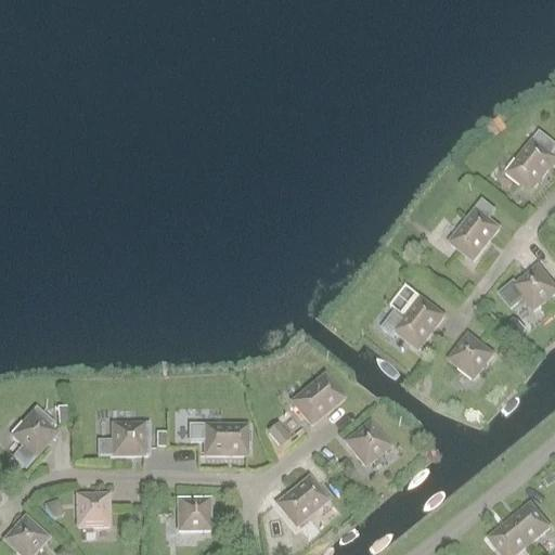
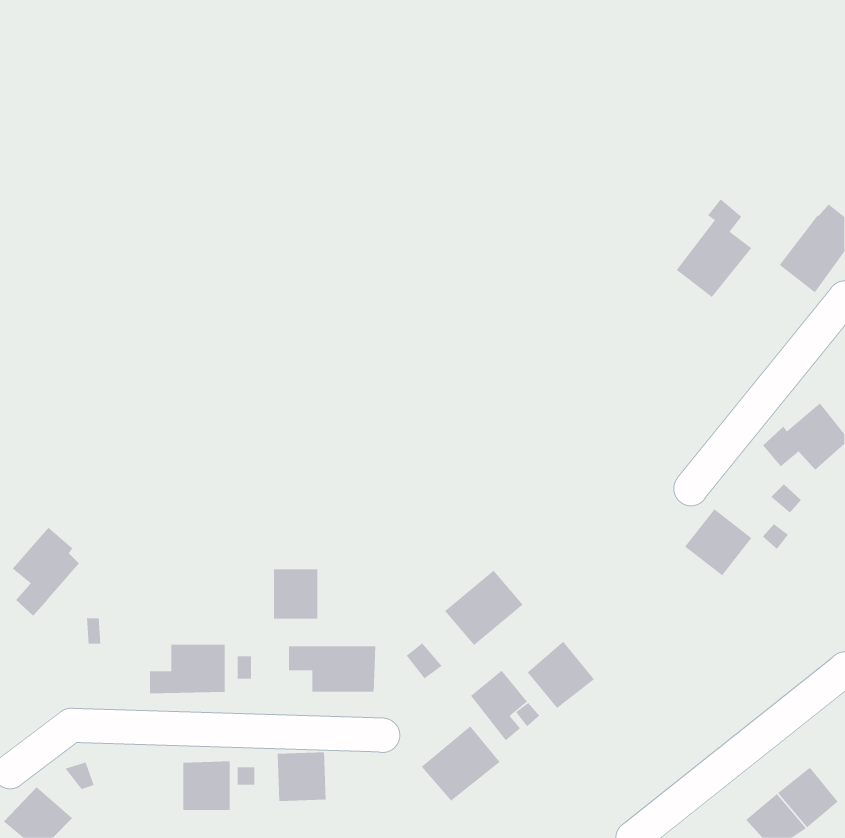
building: [452,196,502,261] -> [676,199,752,298]
building: [379,296,443,348] -> none
building: none -> [273,569,318,619]
building: [11,406,55,465] -> [12,527,80,616]
building: none -> [470,670,528,741]
building: [76,492,107,525] -> [183,761,231,811]

